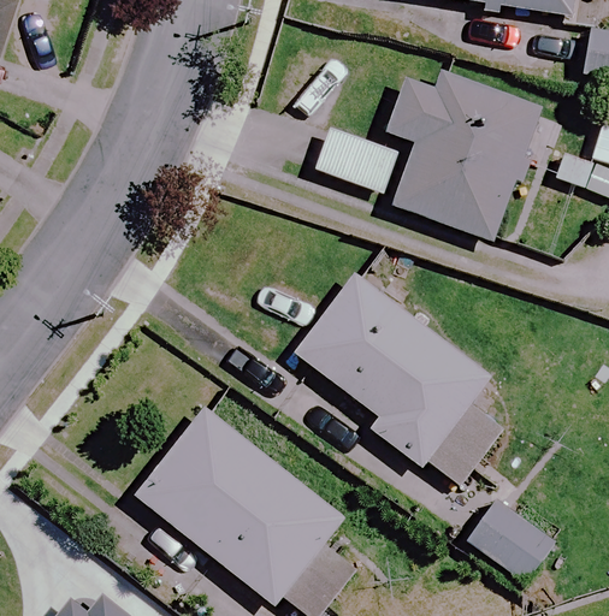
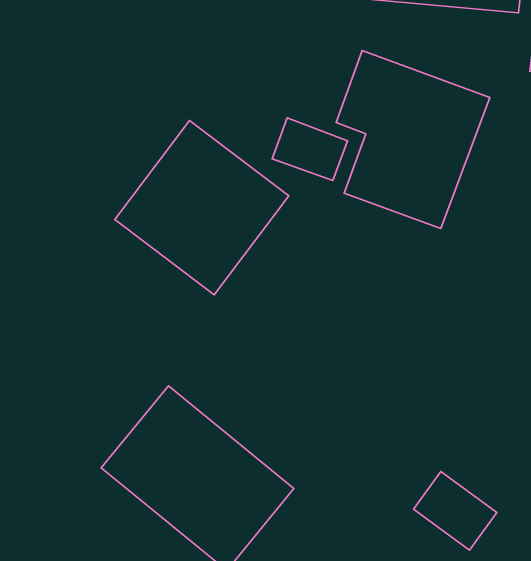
building: none -> [115,120,289,295]
building: [296,273,503,491] -> none

